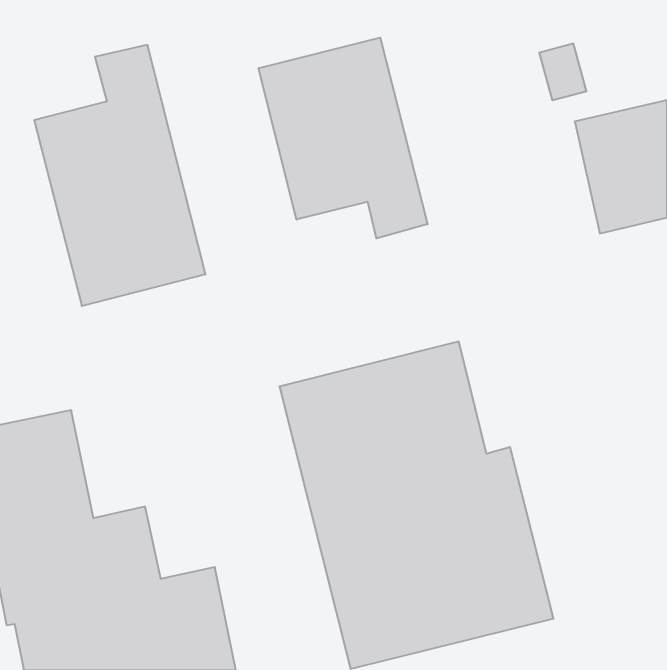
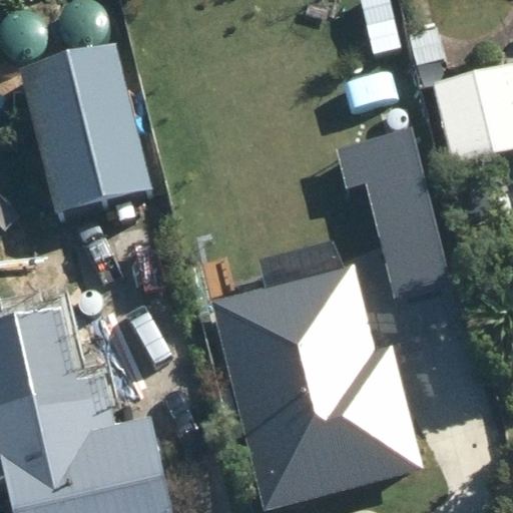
building: [259,38,428,238] -> none
building: none -> [335,129,447,303]

